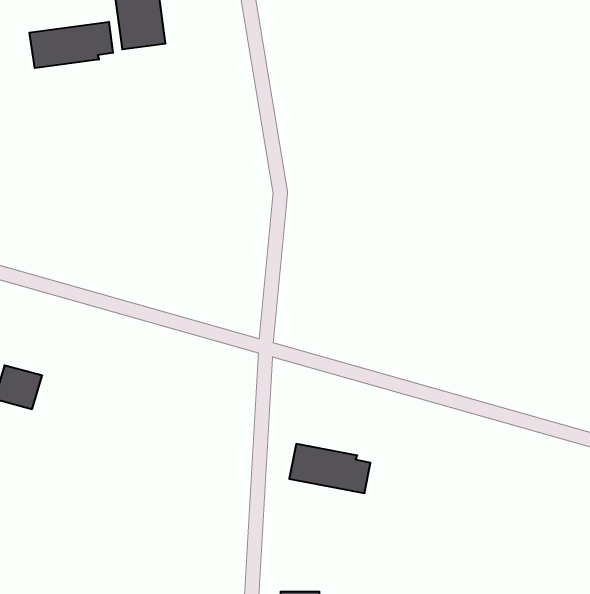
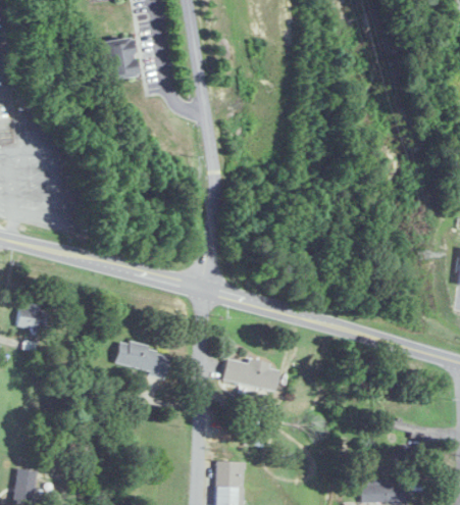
building: [29,22,113,68] -> none
building: none -> [115,342,171,375]

